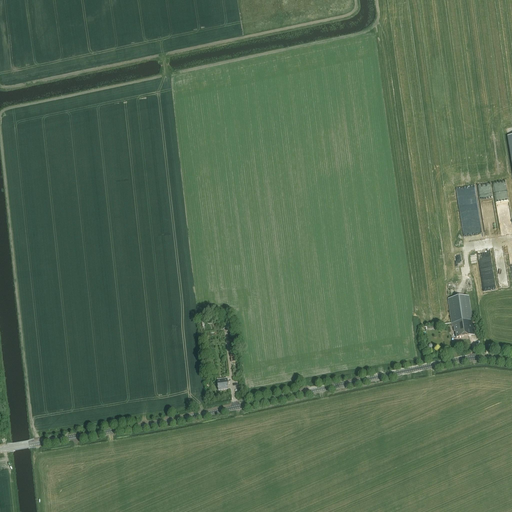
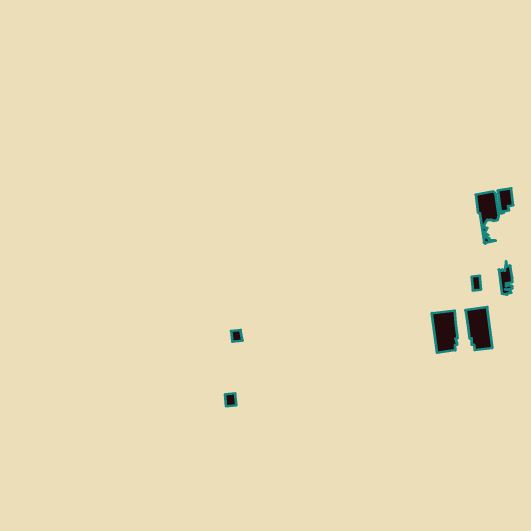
building: none -> [432,311,457,353]

